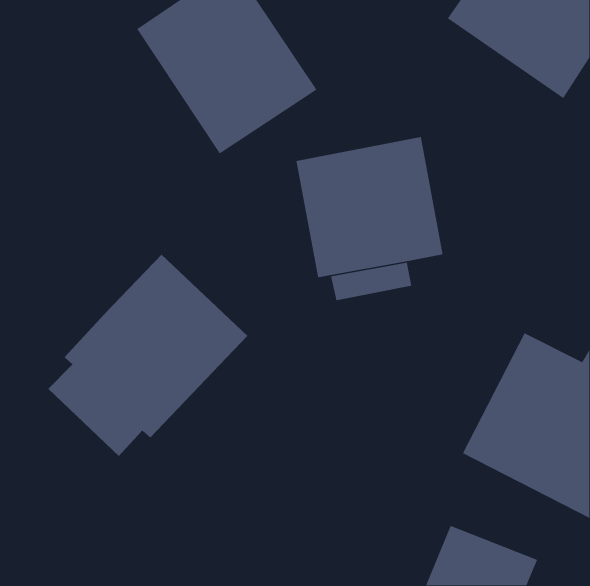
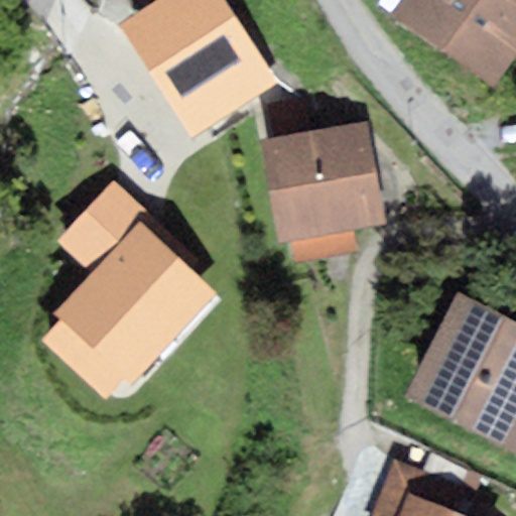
building: none -> [54,179,148,274]

